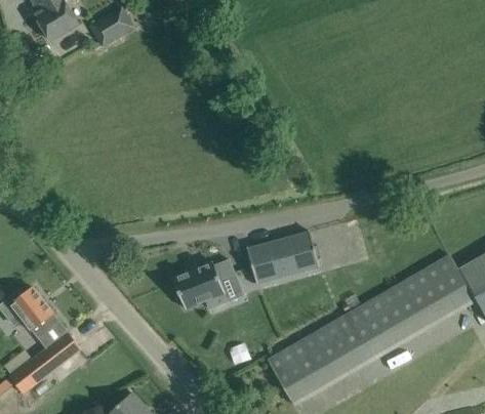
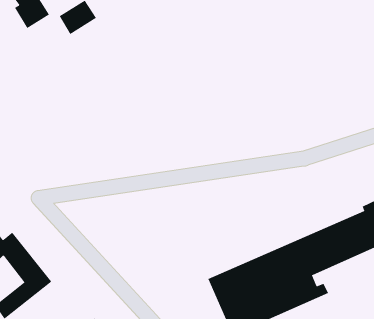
building: [246,232,316,284] -> none
building: [172,259,235,308] -> none

